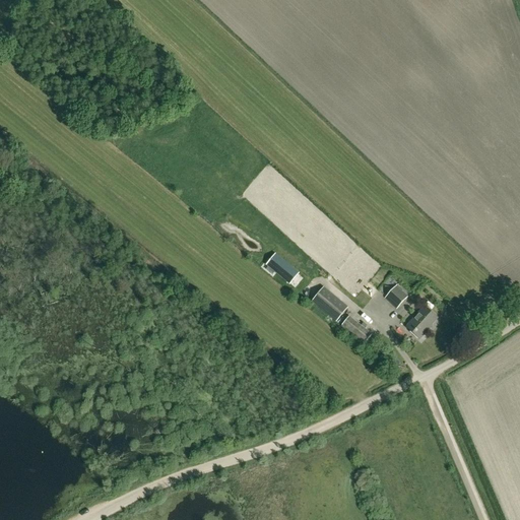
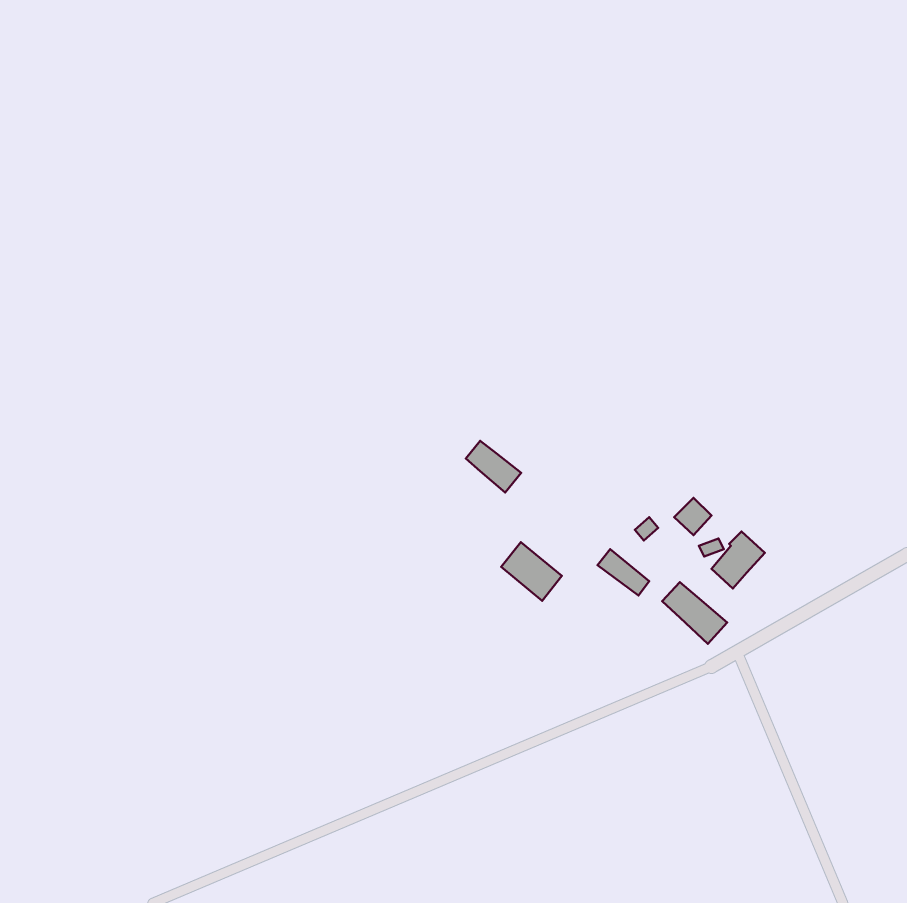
building: [312,285,346,319] -> [501,542,562,601]
building: none -> [662,582,727,644]

